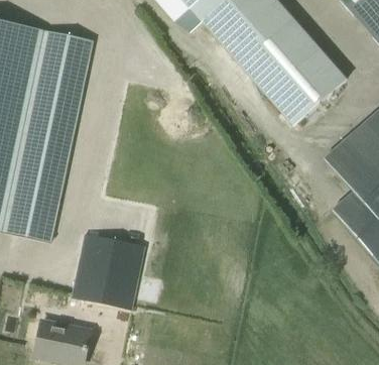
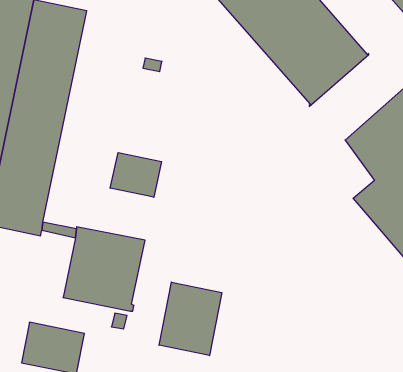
building: none -> [110,153,162,197]
building: none -> [159,282,222,356]

